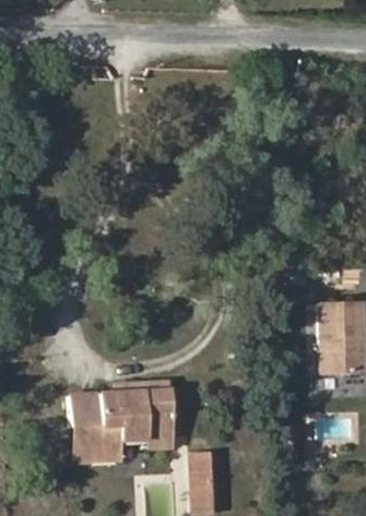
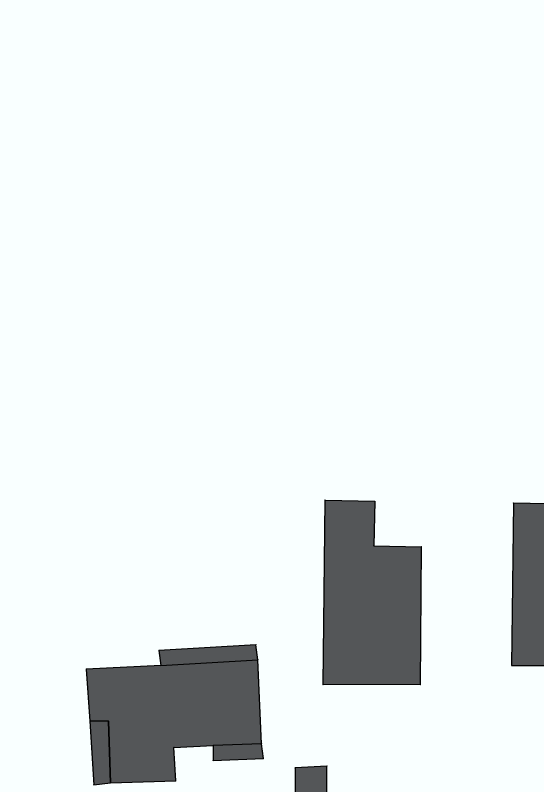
building: none -> [323,500,421,685]

